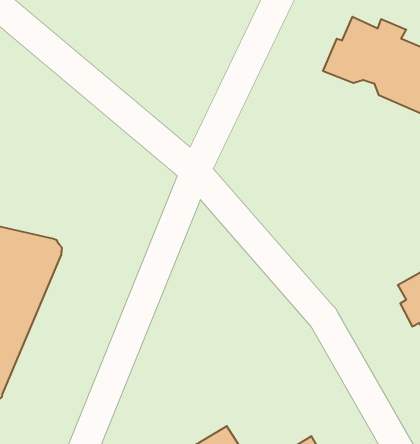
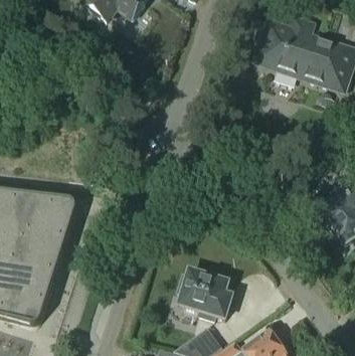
building: none -> [176,268,231,318]

